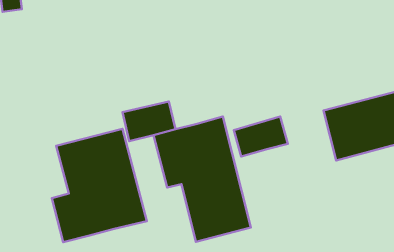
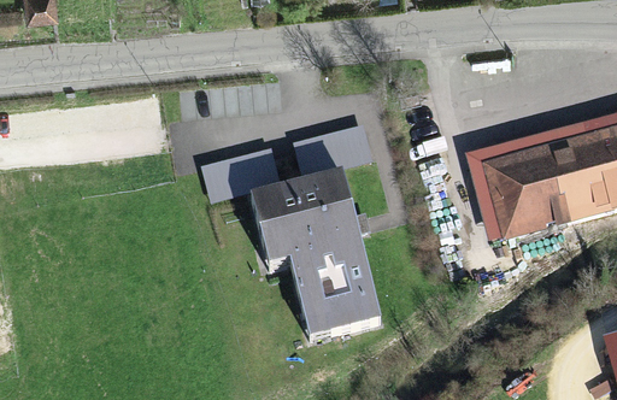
building: [234,117,288,156] -> [295,128,372,184]
building: [52,129,147,242] -> none

